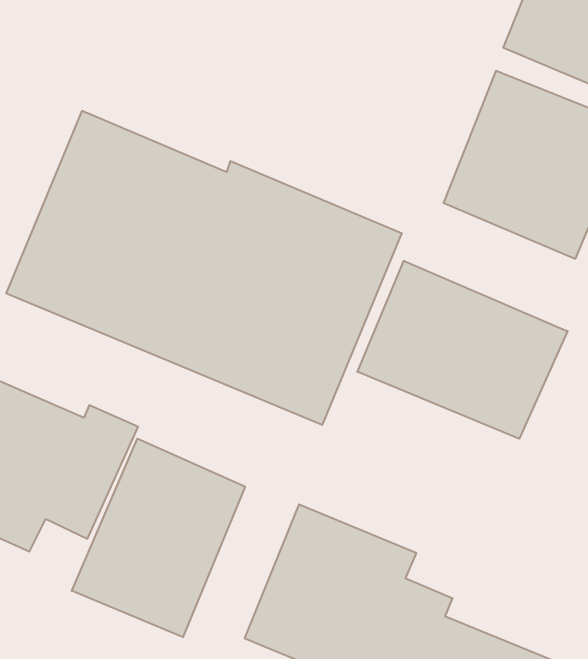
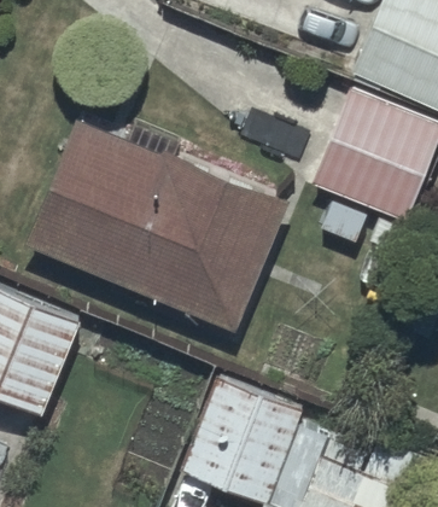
building: [357,261,568,439] -> none
building: [72,439,245,637] -> none

